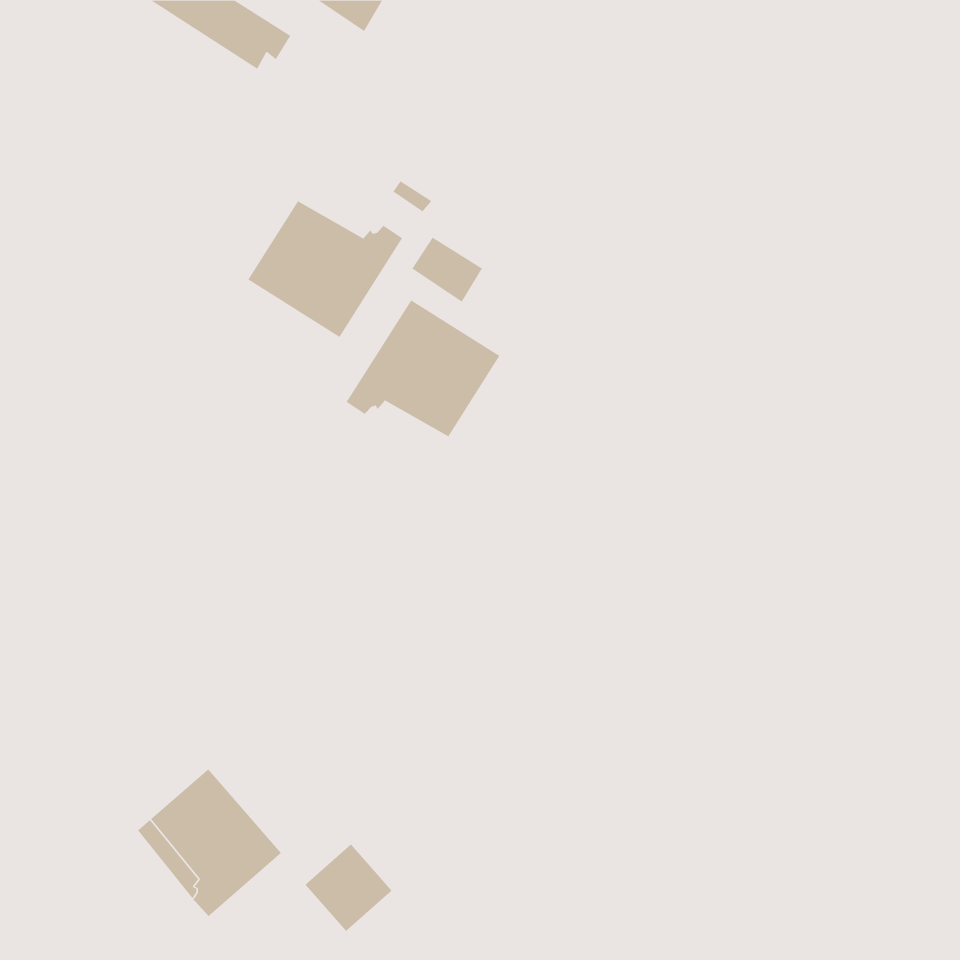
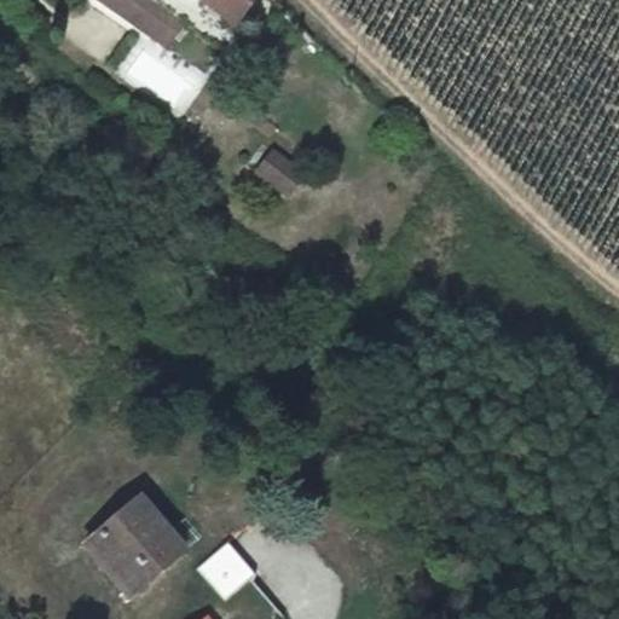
building: [247,200,403,338] -> none
building: [346,299,500,437] -> none

